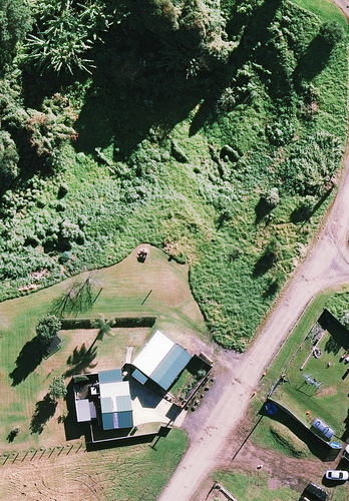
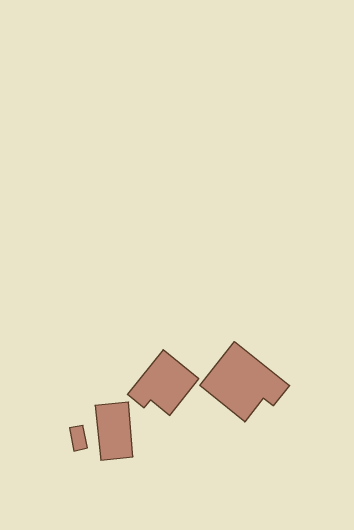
building: none -> [200,342,290,422]

